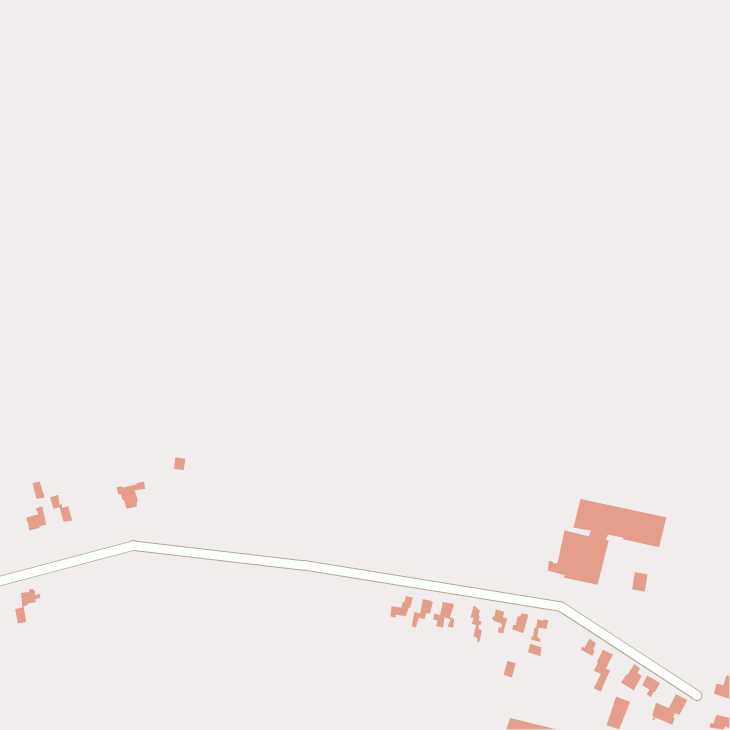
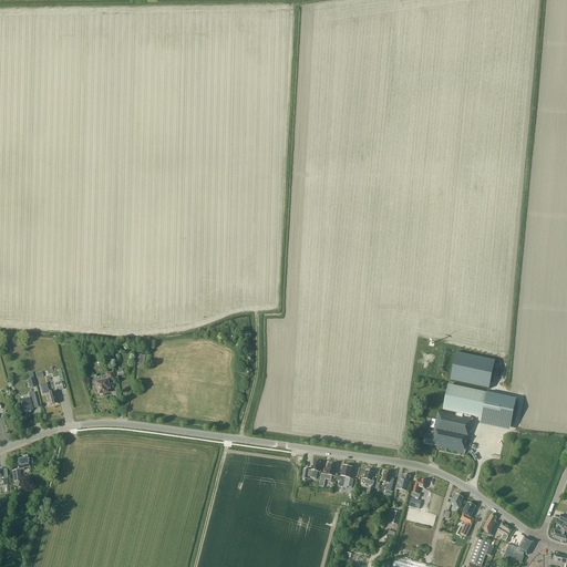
building: none -> [450,353,495,389]

